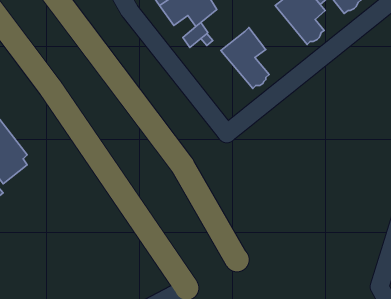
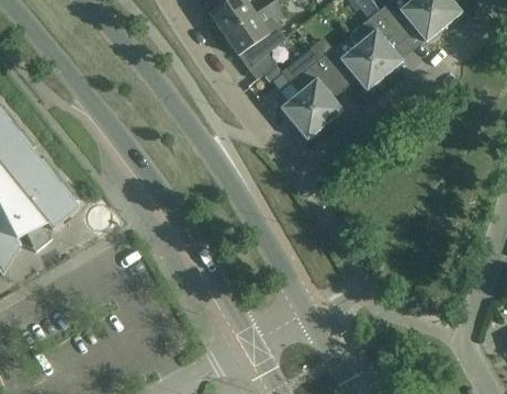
building: none -> [320,33,384,90]
building: none -> [271,82,325,139]

